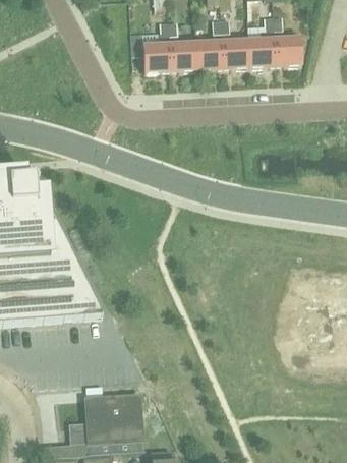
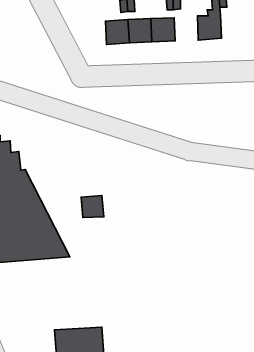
building: [276,37,303,64] -> none
building: [223,39,250,67] -> none
building: none -> [81,195,104,218]

